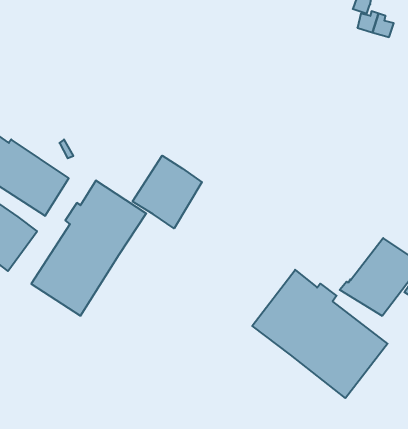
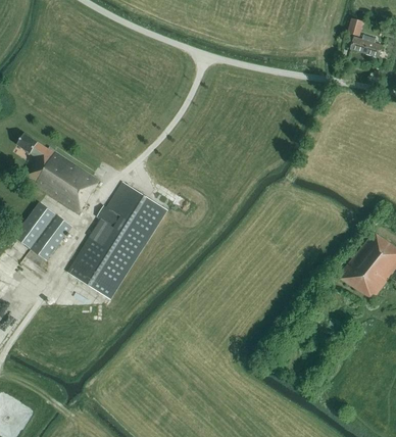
building: [133,156,202,228] -> none
building: [252,270,388,398] -> none

